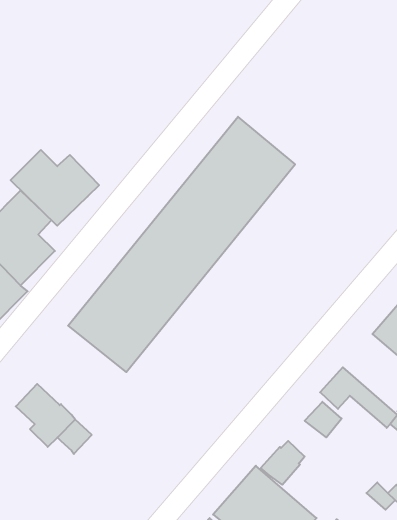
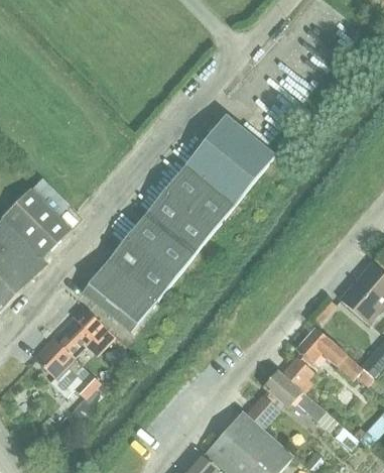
building: [11,150,99,226] -> none
building: none -> [55,310,116,360]
building: none -> [263,370,326,421]

